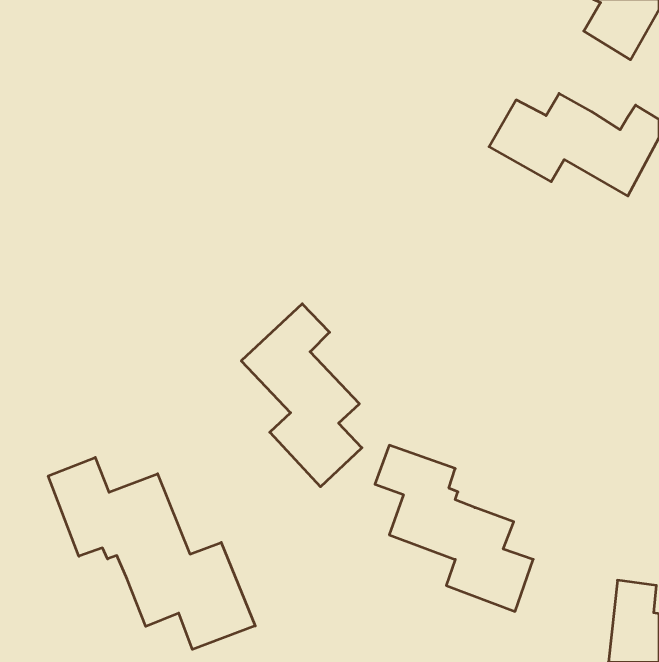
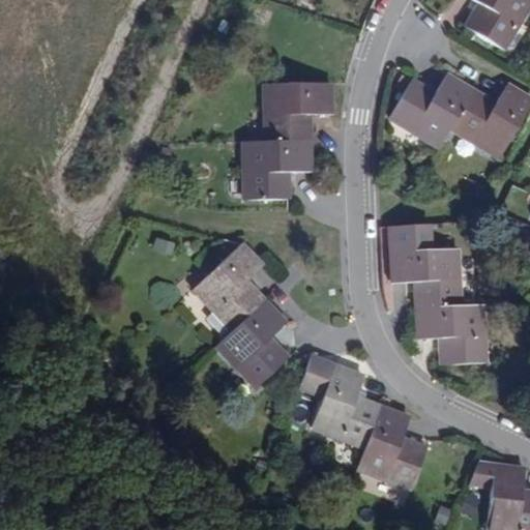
building: none -> [243,82,330,199]
building: none -> [389,223,487,364]
building: [48,457,255,649] -> none

